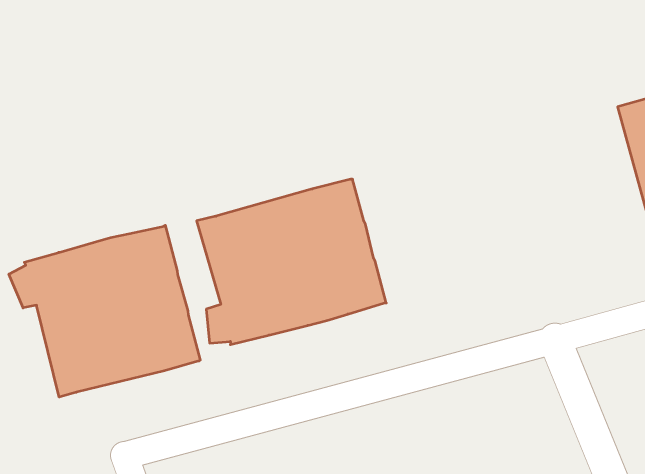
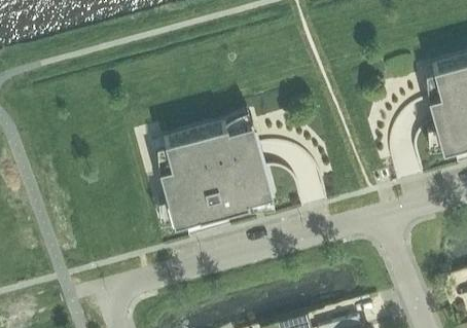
building: [9,225,200,397] -> none

